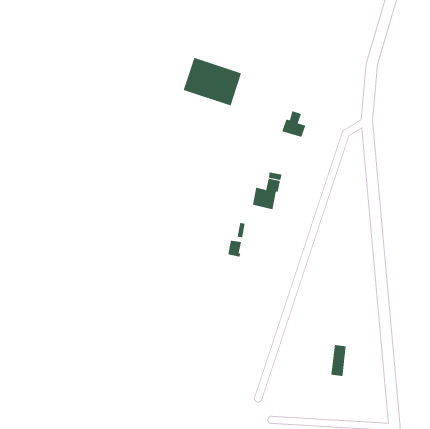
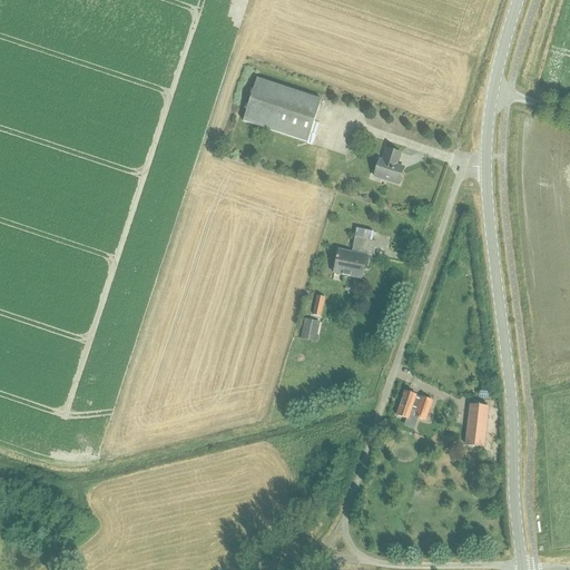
building: none -> [396,389,432,417]
building: [331,345,347,377] -> [465,403,487,445]

